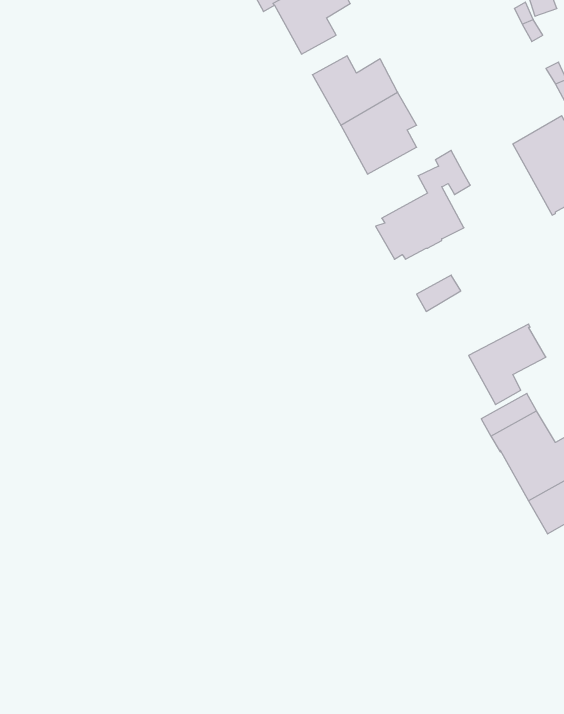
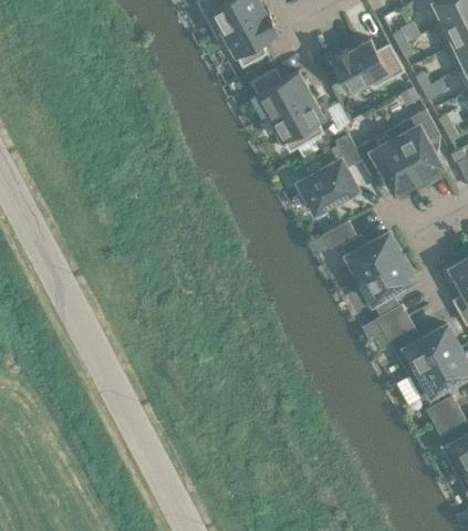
building: none -> [330,40,403,92]
building: none -> [355,131,418,192]
building: none -> [342,233,402,279]

